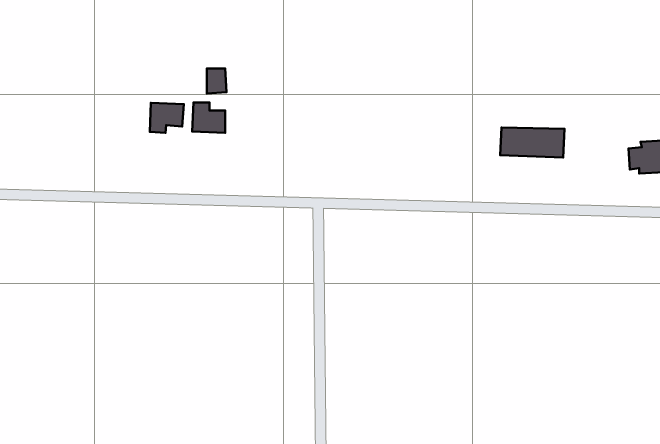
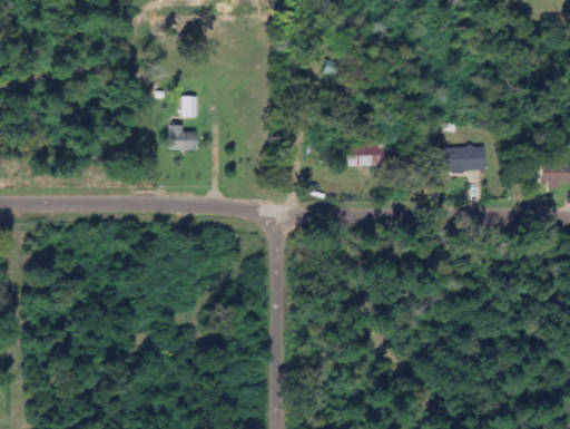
building: [150,103,184,133] -> none
building: none -> [346,145,385,166]

